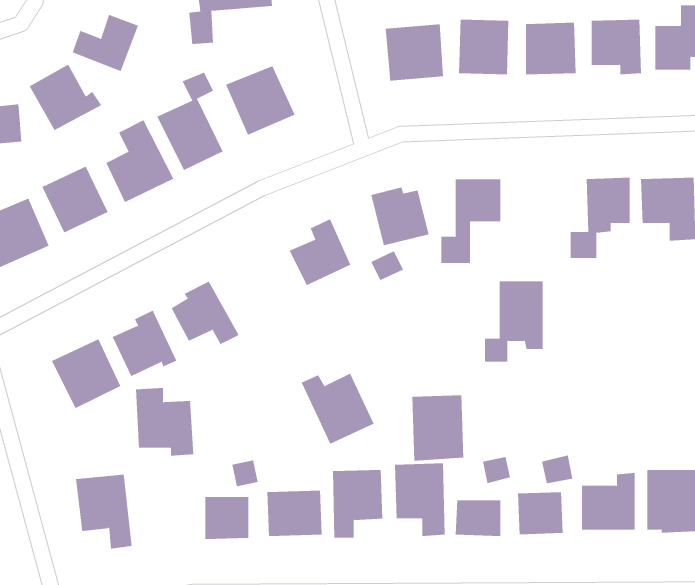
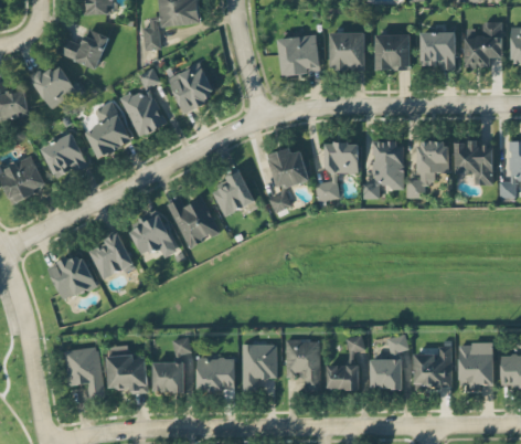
building: [484,281,543,362] -> [363,142,404,199]
building: [301,373,374,445] -> [168,198,219,247]
building: [135,388,194,456] -> [107,346,148,393]
building: [412,395,464,462] -> none

